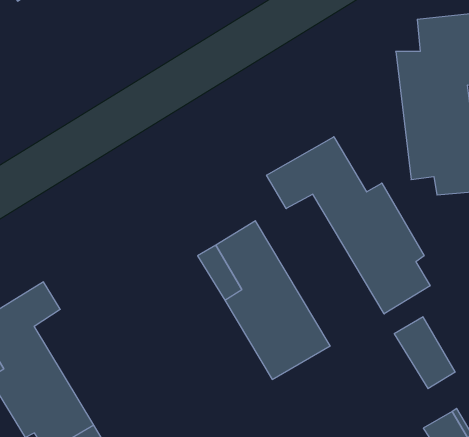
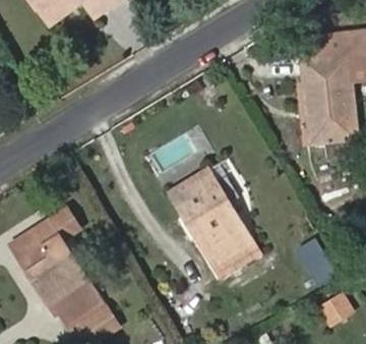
building: [267,137,430,314] -> none

